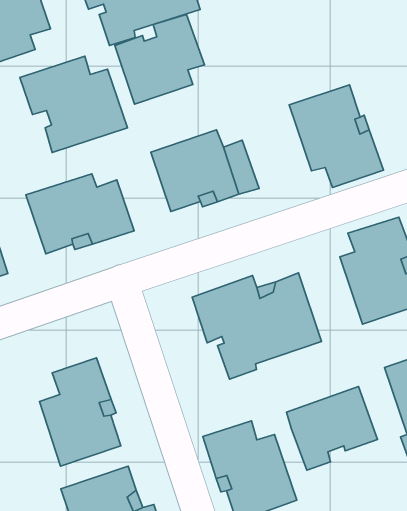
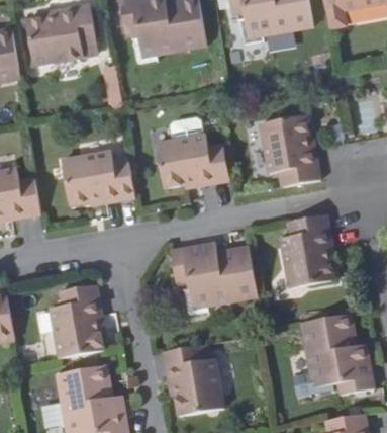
building: [115,15,205,104] -> none
building: [20,56,127,152] -> none
building: [286,386,377,470] -> none

